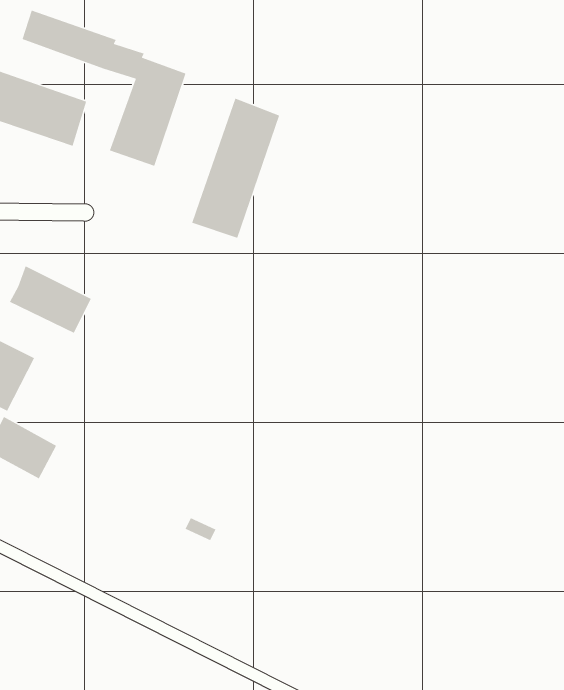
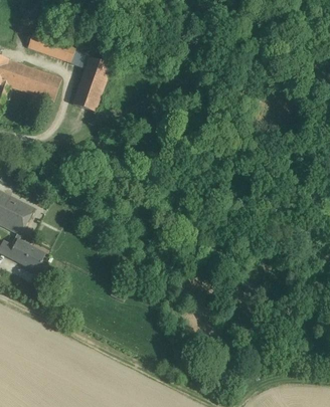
building: [191,97,280,239] -> none
building: [9,265,92,334] -> none

